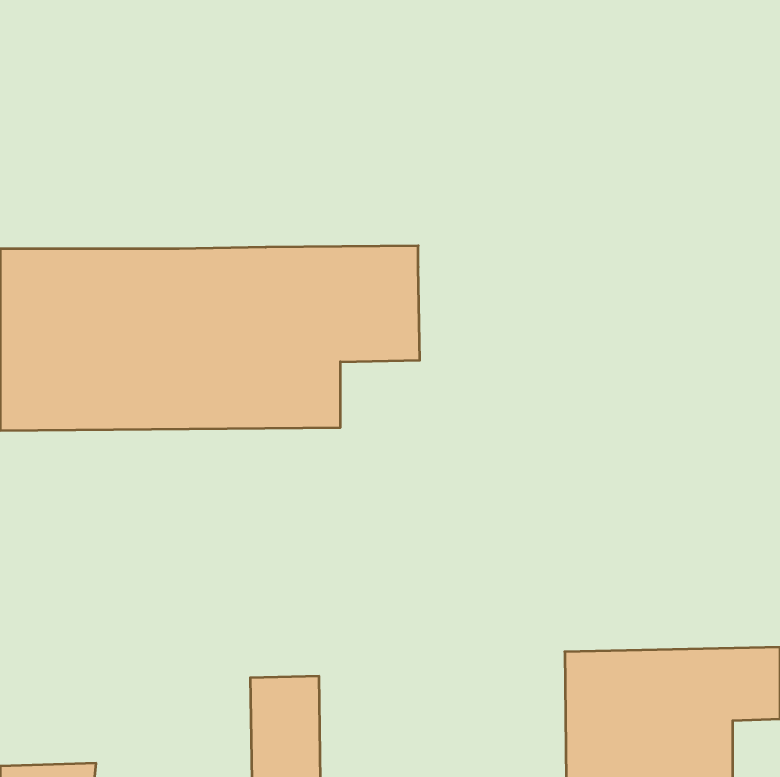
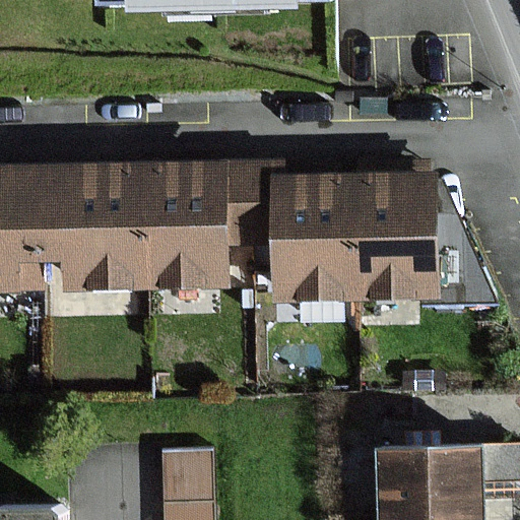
building: none -> [278,179,437,299]

